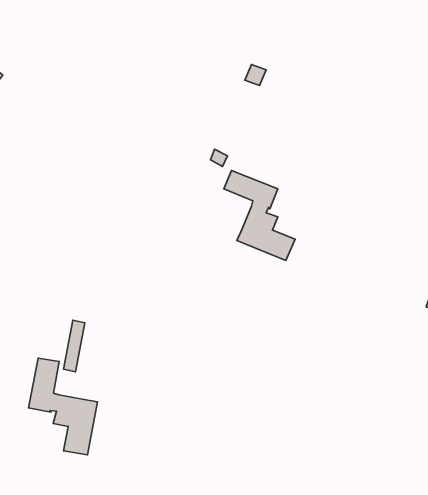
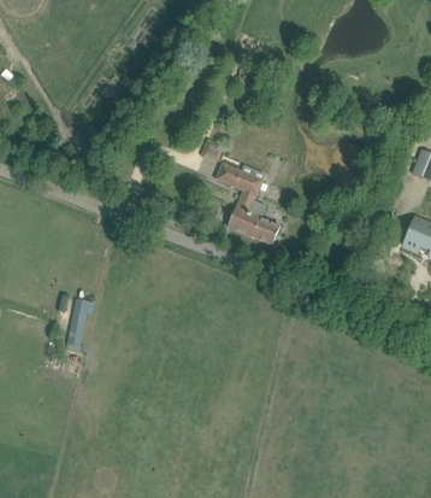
building: [29,358,98,455] -> none

